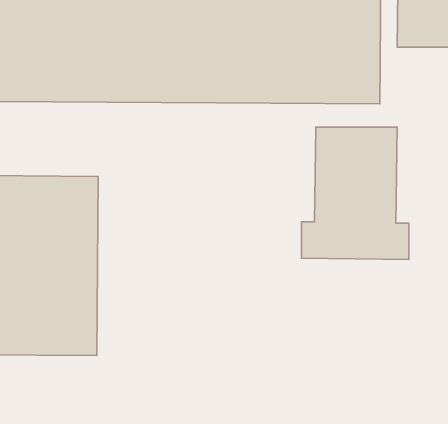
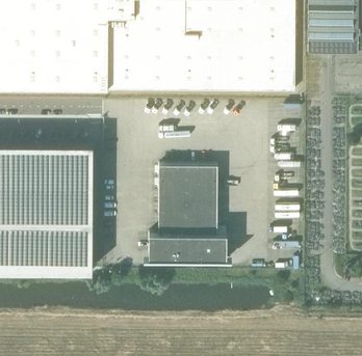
building: [301,127,409,260] -> [149,166,226,261]

